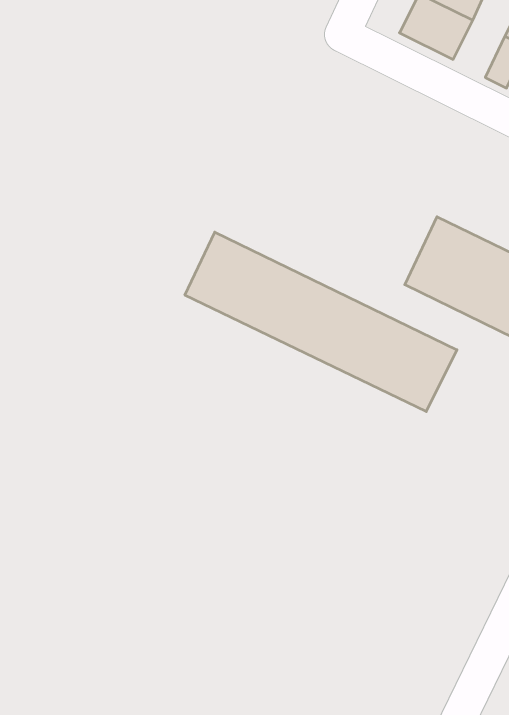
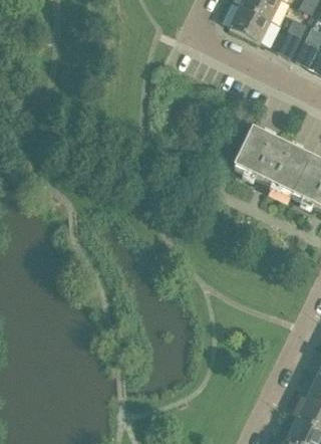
building: [185,232,457,412] -> none

